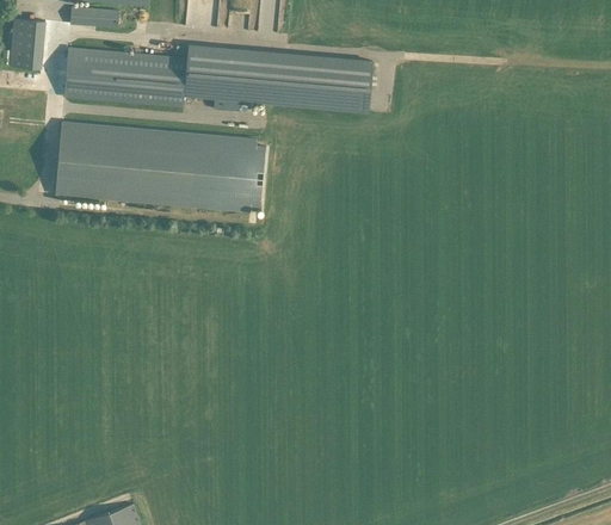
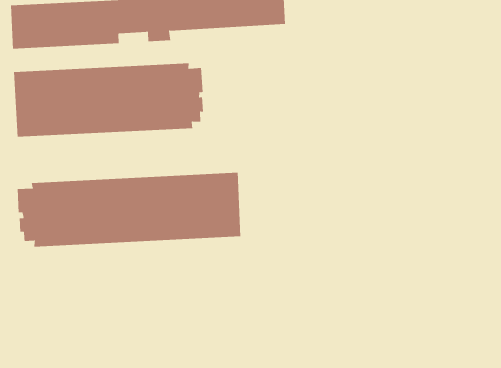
building: none -> [17,172,241,248]

